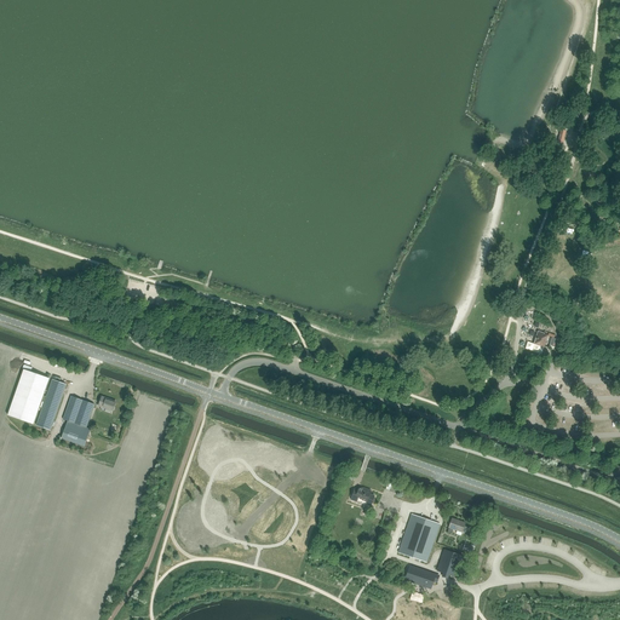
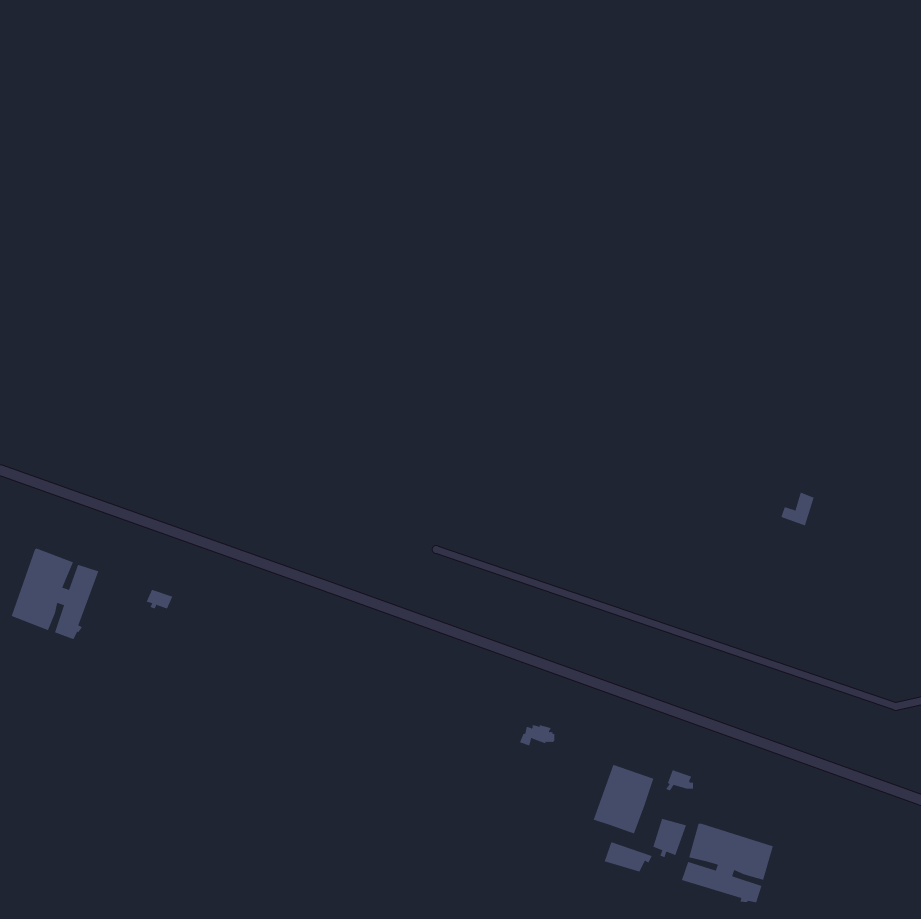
building: [62,395,94,446] -> none
building: none -> [681,823,774,903]

